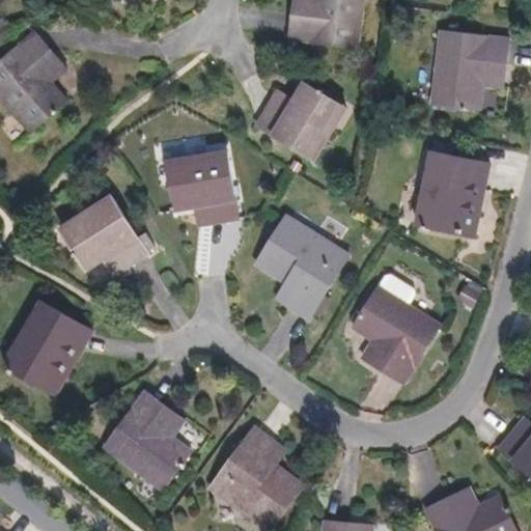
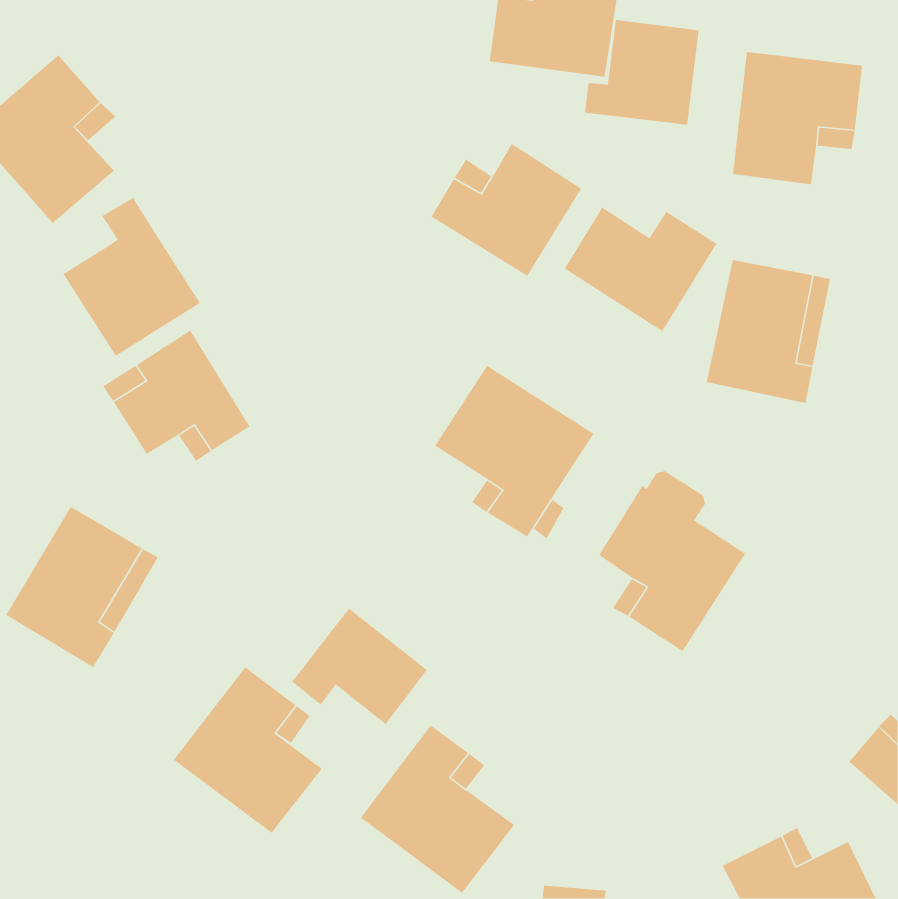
building: none -> [584,19,699,125]
building: none -> [62,197,201,357]
building: none -> [564,206,718,332]
building: [164,152,240,229] -> none
building: none -> [291,607,428,725]

